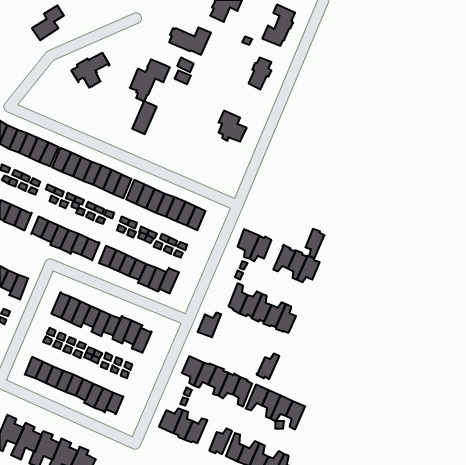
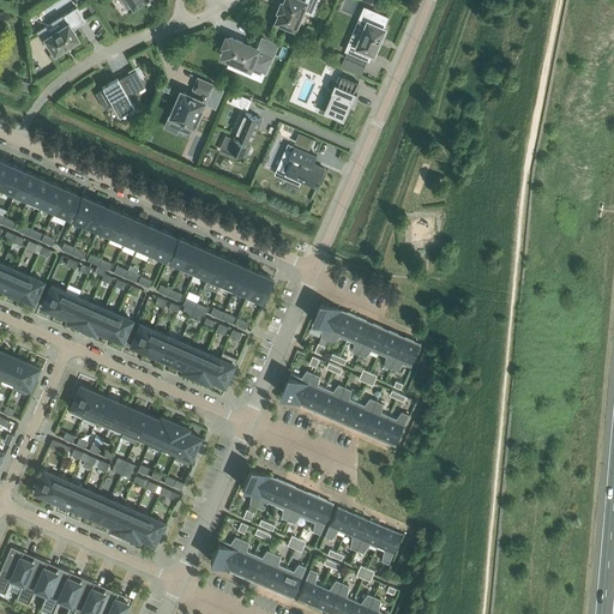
building: [132,101,157,134] -> [228,114,260,157]
building: [305,229,325,258] -> [347,318,372,356]
building: [197,313,221,337] -> [281,372,312,404]
building: [257,354,279,379] -> [378,413,408,446]
building: none -> [259,554,284,594]

